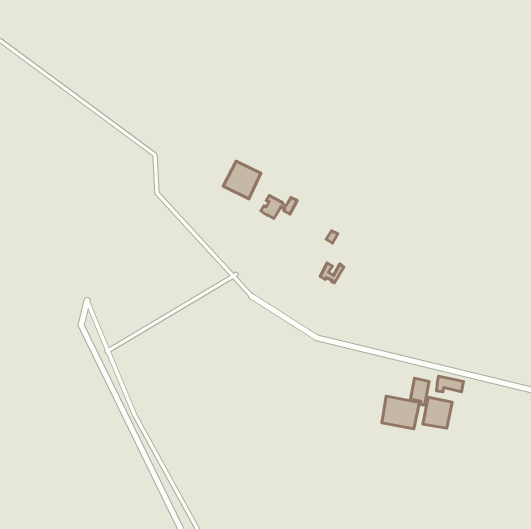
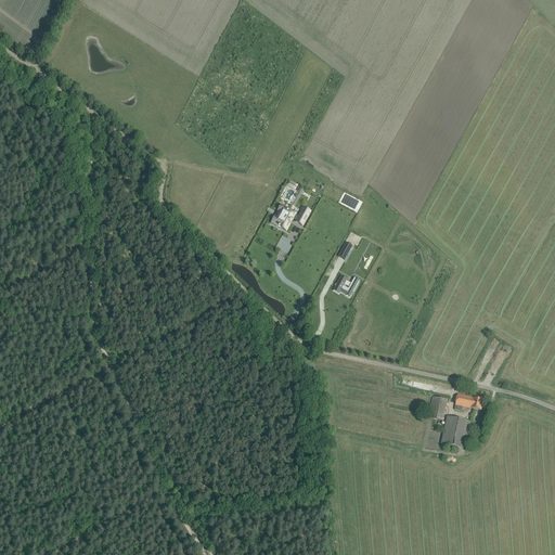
building: [223,161,261,199] -> none
building: [382,396,420,429] -> none

